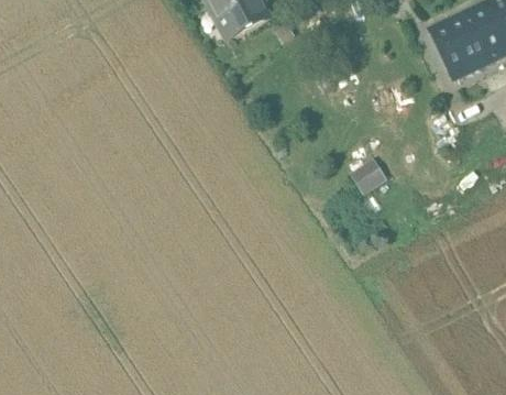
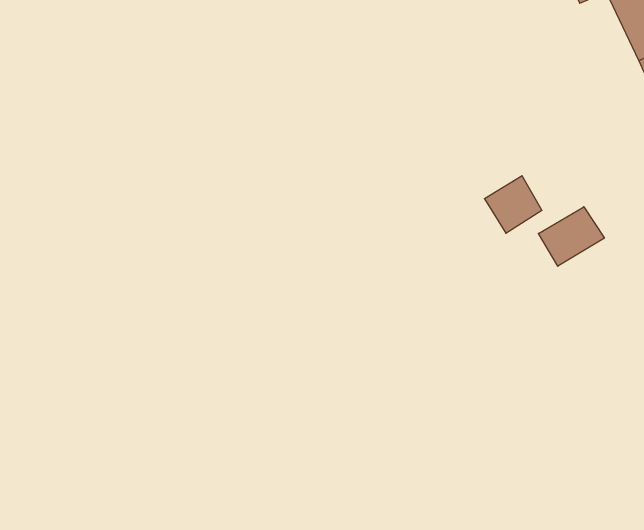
building: none -> [538,207,604,266]

